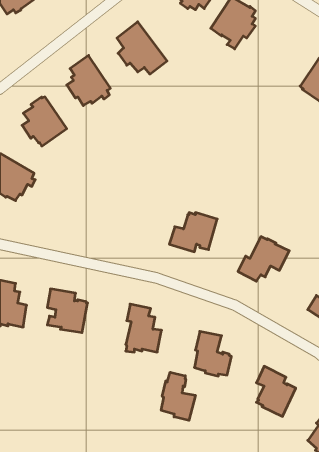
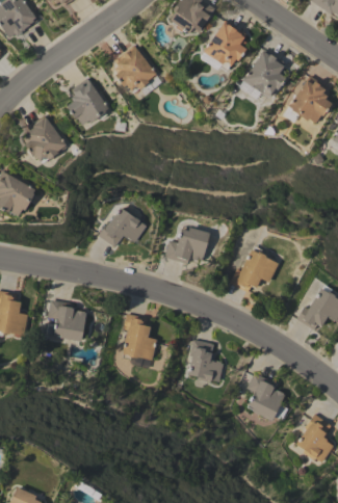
building: none -> [243,49,286,97]
building: none -> [99,207,147,246]
building: [161,372,195,420] -> none

